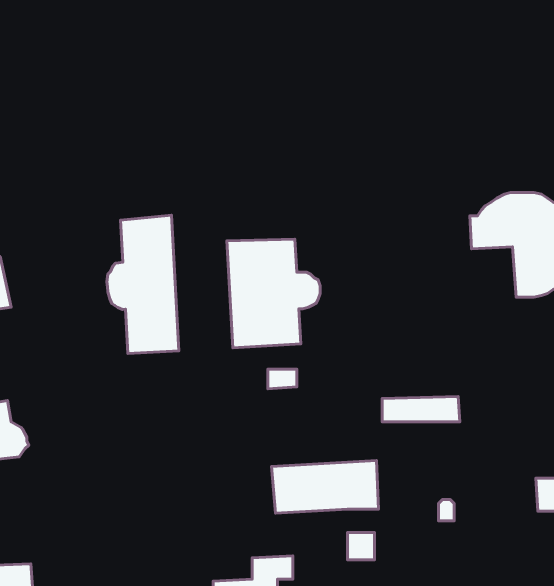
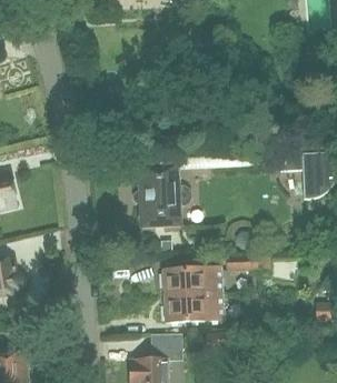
building: [107,215,179,353] -> none
building: none -> [162,265,224,293]

